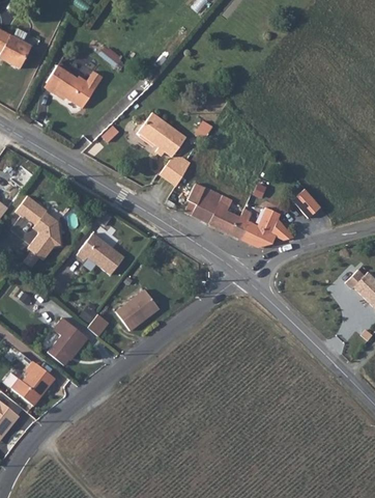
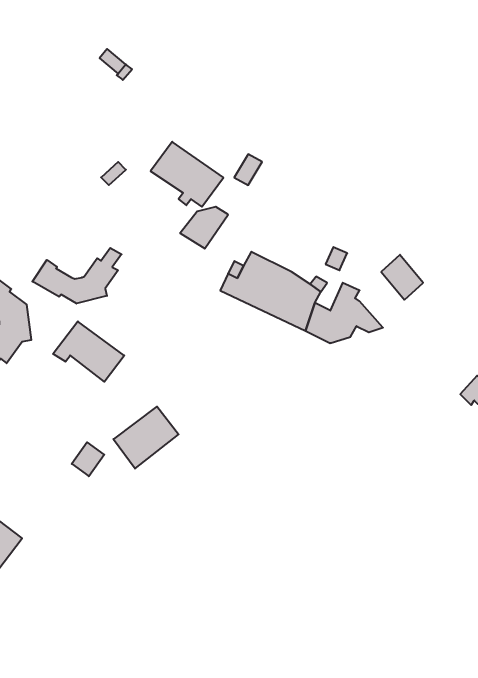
building: [46,64,104,108] -> none
building: none -> [32,248,122,304]
building: [46,317,87,365] -> none

